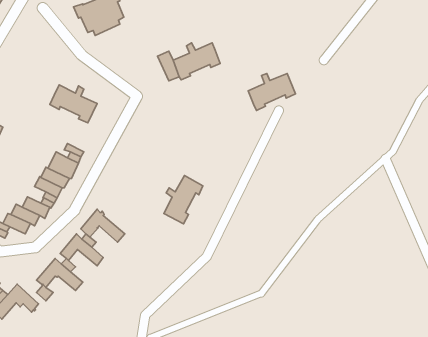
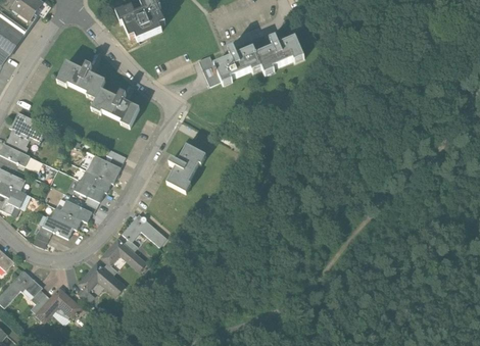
building: none -> [57,60,105,98]
building: [248,73,295,110] -> [256,36,303,72]
building: [164,175,203,224] -> [166,143,205,191]

